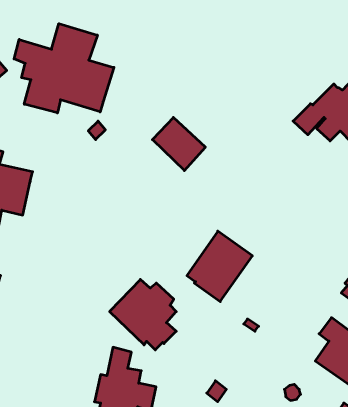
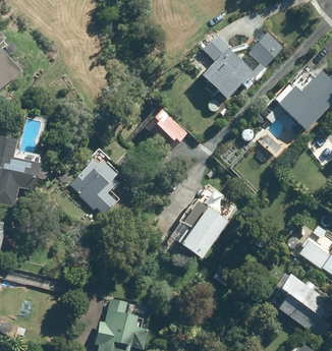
building: none -> [201,31,284,98]
building: [14,24,114,113] -> none
building: [110,279,176,350] -> [64,156,119,214]

